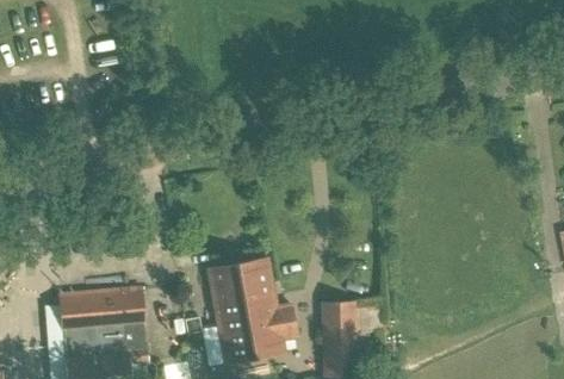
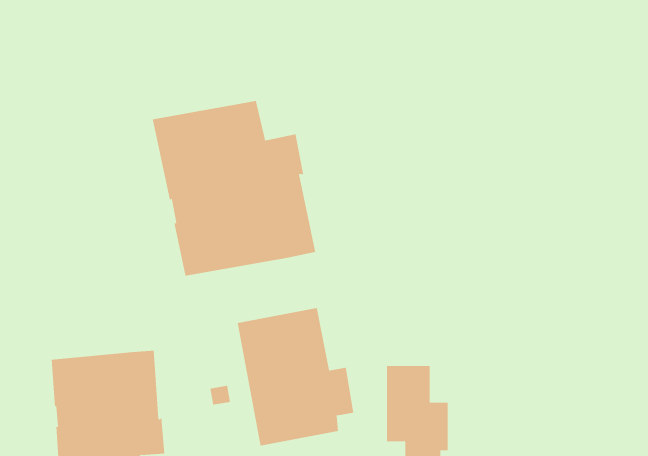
building: none -> [152,100,316,277]

